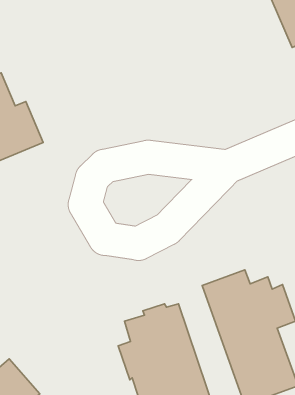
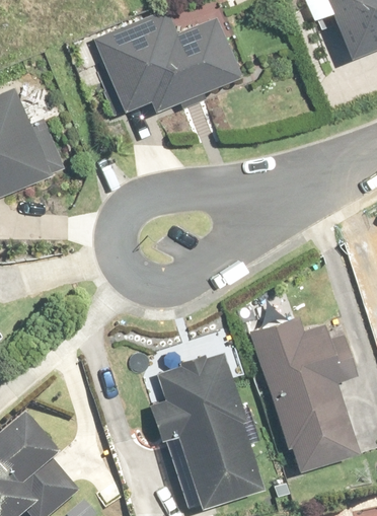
building: none -> [77,8,242,115]

